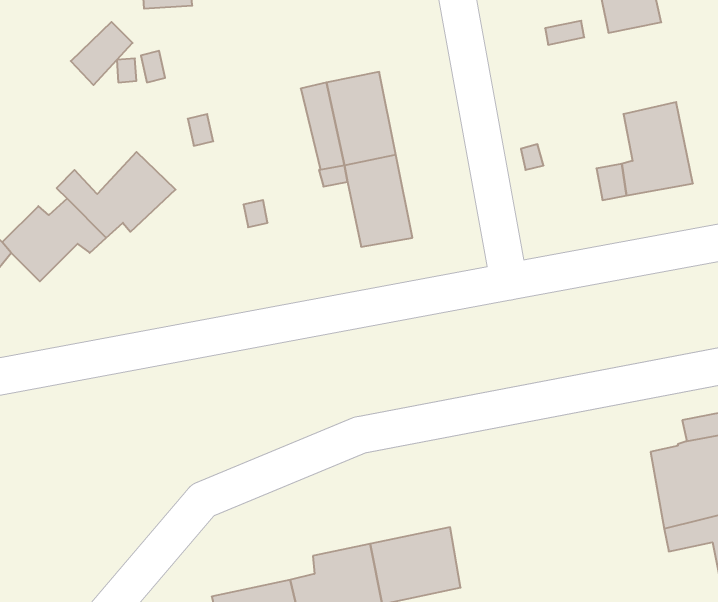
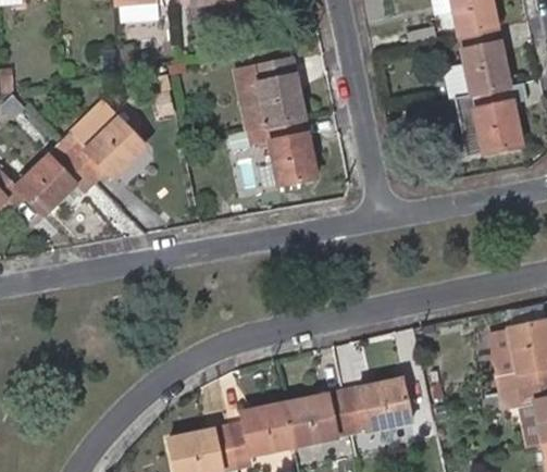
building: [71,22,133,85] -> [73,103,117,149]
building: none -> [458,25,507,91]
building: none -> [344,377,410,433]

